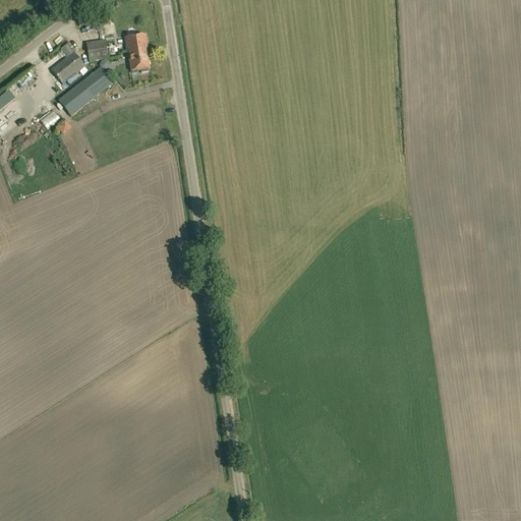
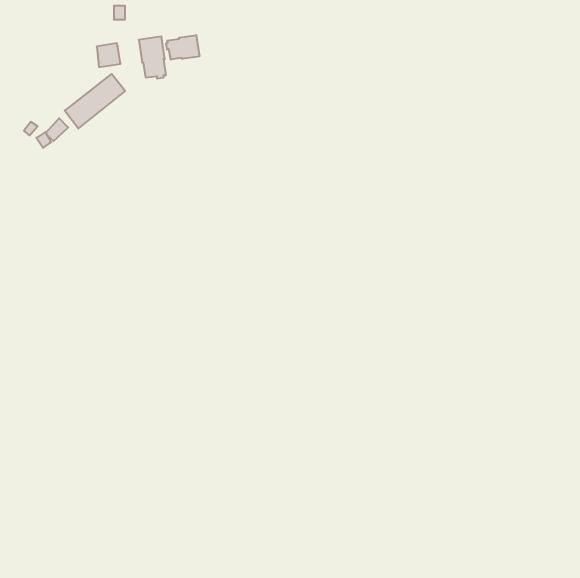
building: none -> [166,35,199,60]
building: [51,51,83,82] -> none

